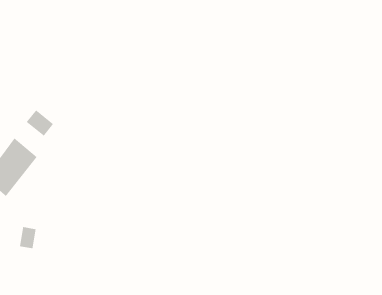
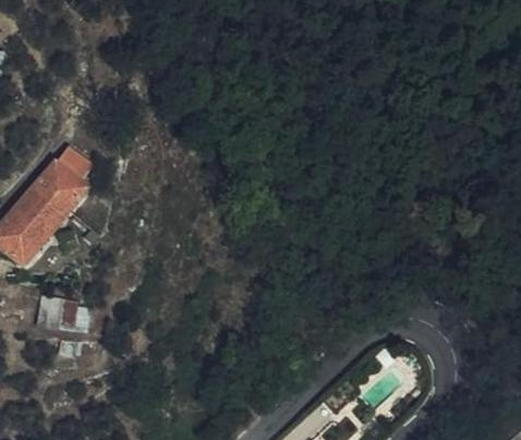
building: none -> [34,171,82,218]

